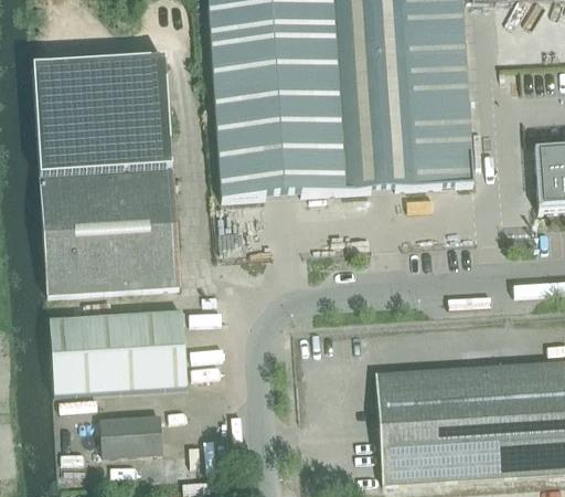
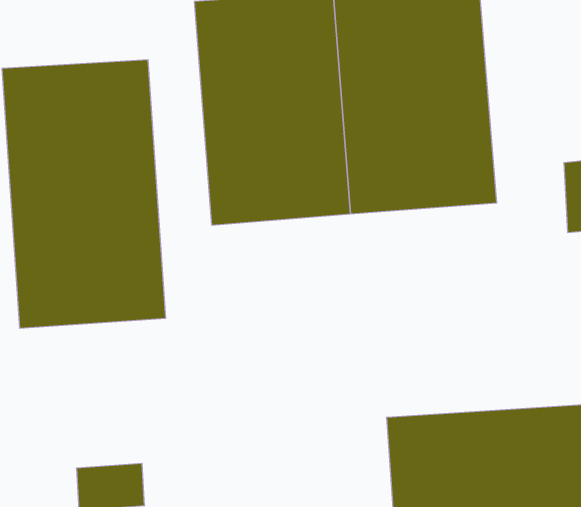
building: [49,310,188,394] -> none

